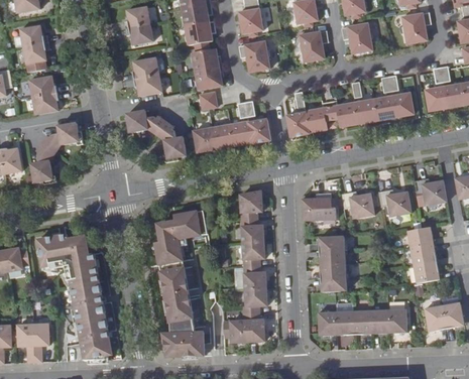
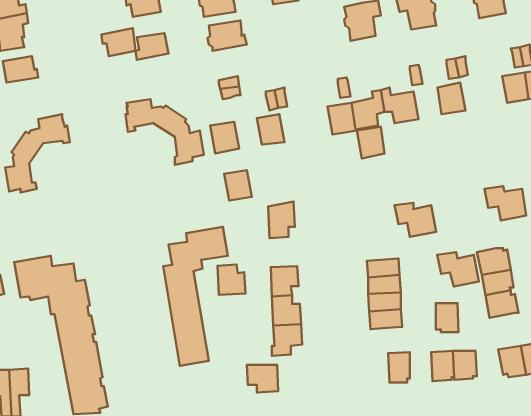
building: [238,41,270,72] -> none
building: [194,66,223,89] -> none
building: [134,73,161,95] -> [101,28,135,56]
building: [30,92,57,114] -> none
building: [392,93,415,118] -> none
building: [355,100,377,125] -> [357,127,384,158]
building: [248,119,270,143] -> none
building: [212,124,234,148] -> [224,170,252,201]
building: [376,190,409,217] -> [437,252,479,286]
building: [301,194,330,221] -> none
building: [240,219,262,243] -> [218,264,245,295]
building: [352,310,370,334] -> [436,303,459,332]
building: [317,311,336,336] -> none
building: [242,312,263,342] -> none
building: [161,318,203,357] -> none

